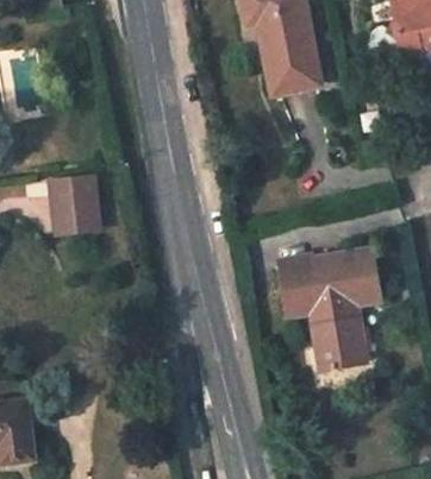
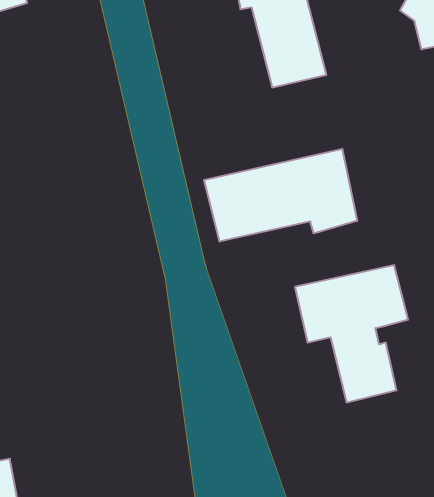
building: none -> [204,149,357,242]
building: [49,175,98,235] -> none

